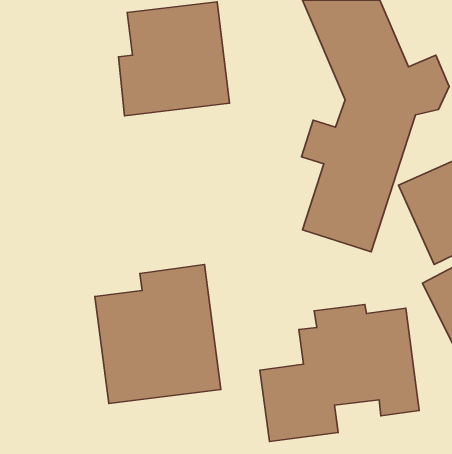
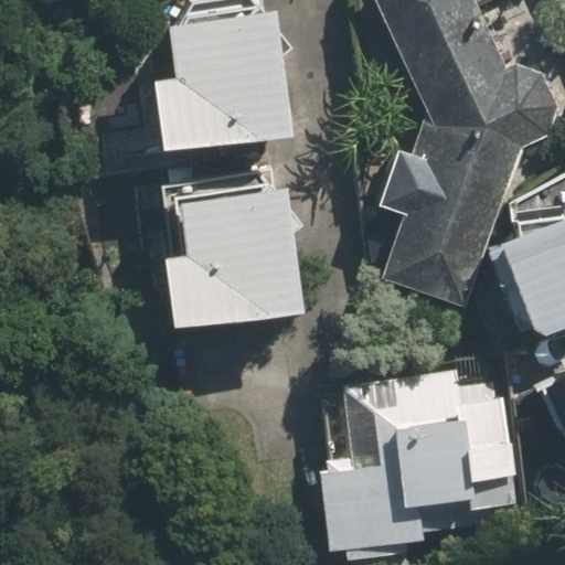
building: none -> [158,175,307,329]
building: [95,264,221,404] -> none

